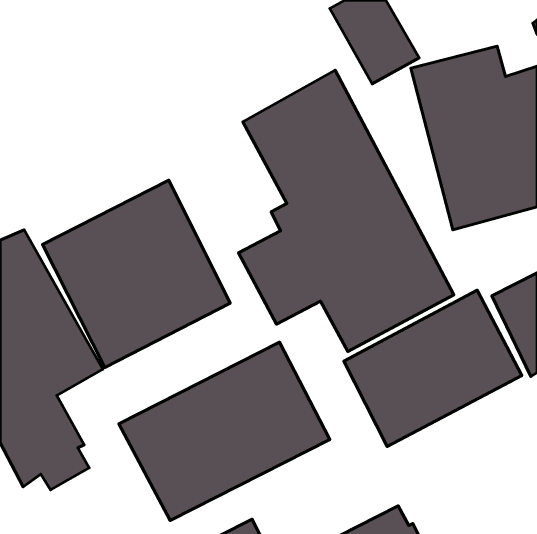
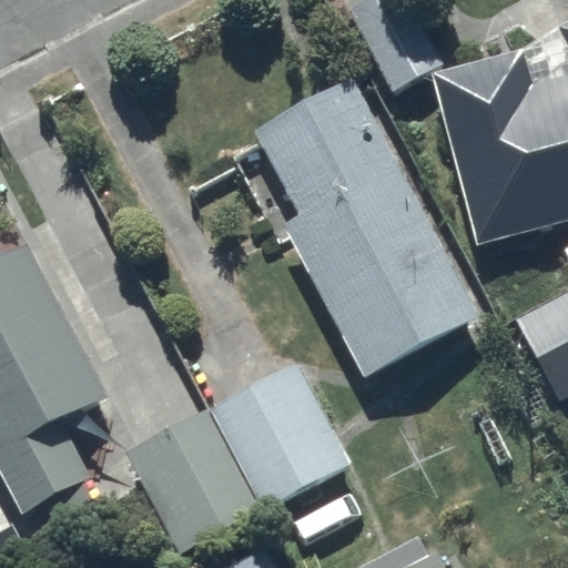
building: [43,180,230,368] -> none
building: [344,290,522,446] -> none

